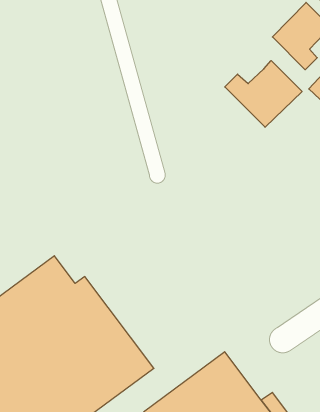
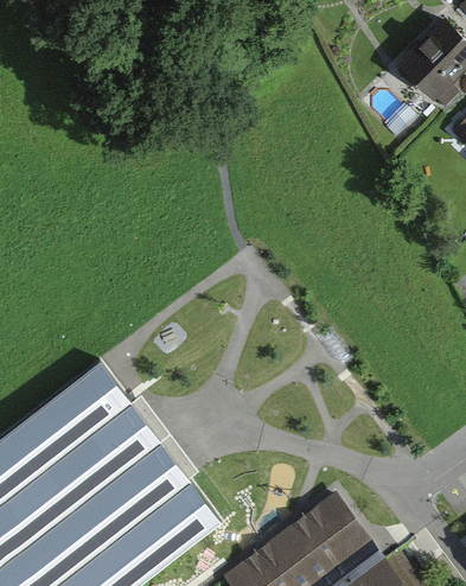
building: [225,61,302,127] -> none

